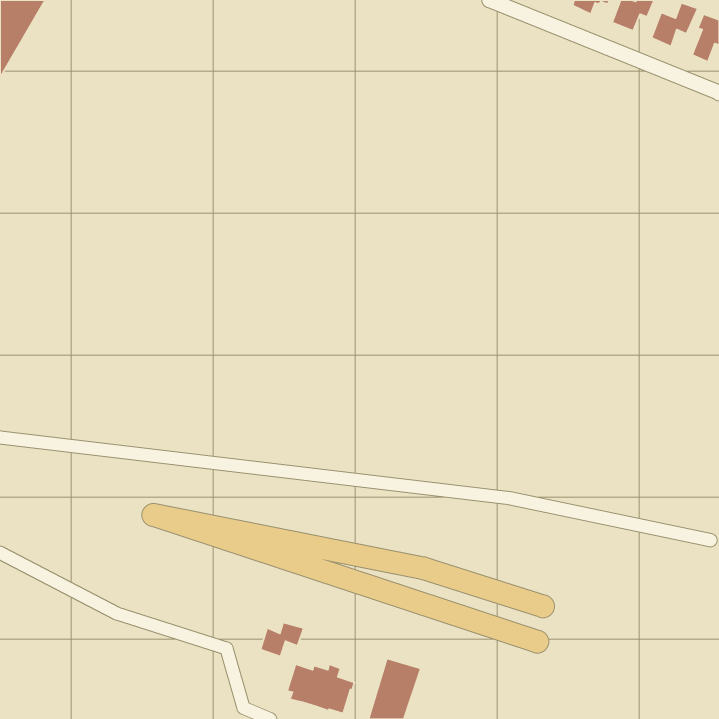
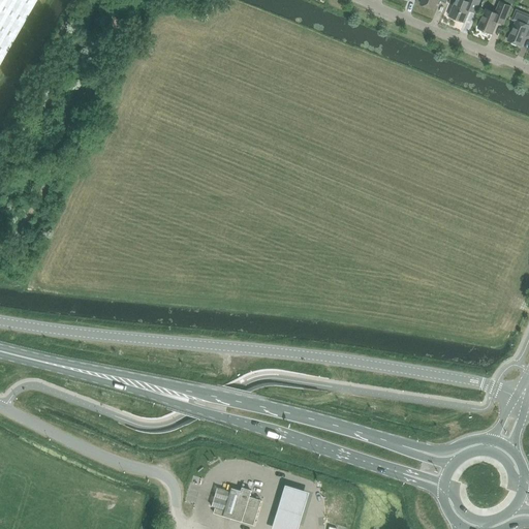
building: [261,622,304,657] -> none

